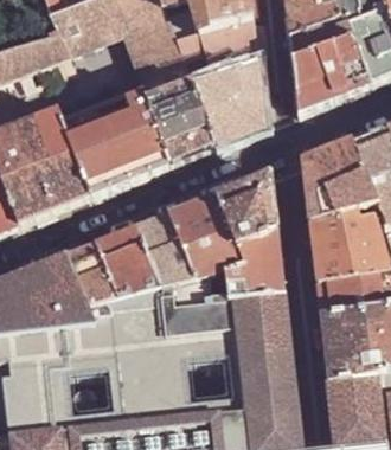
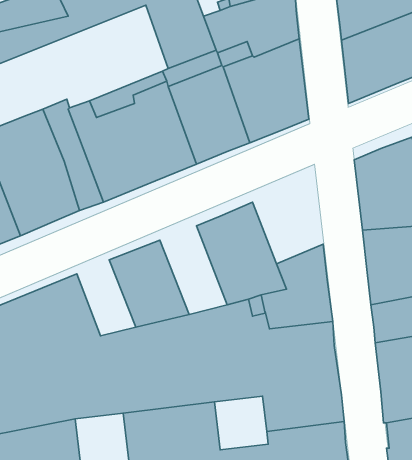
building: [218,175,277,249] -> none
building: [140,217,197,291] -> none
building: [70,245,120,309] -> none

